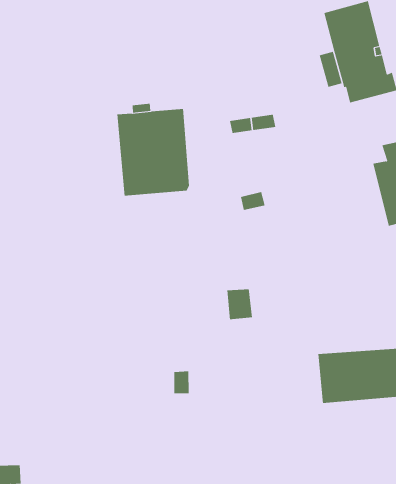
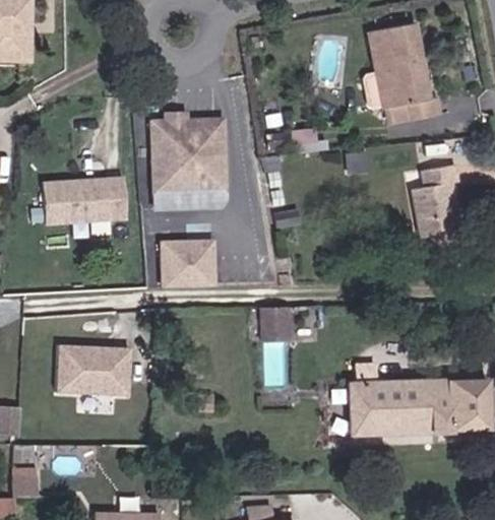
building: none -> [41,179,124,223]
building: none -> [162,242,215,289]
building: none -> [54,347,126,396]

